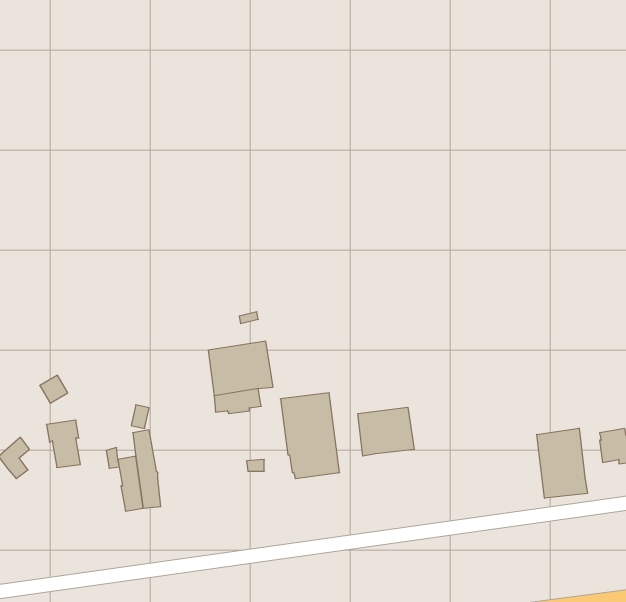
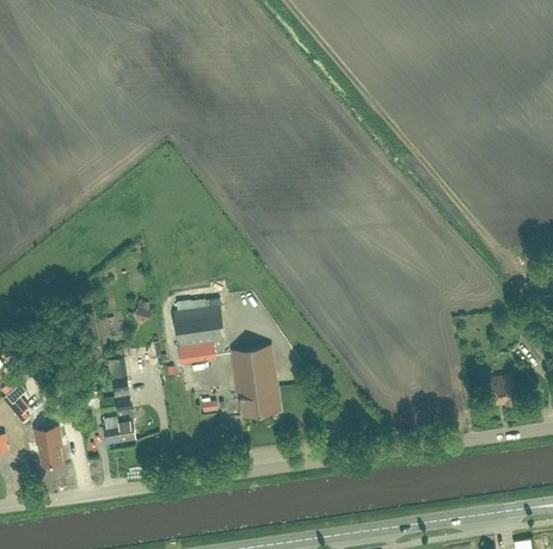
building: [358,407,414,456] -> none
building: [46,420,80,467] -> [35,427,62,465]
building: [537,428,587,498] -> none

